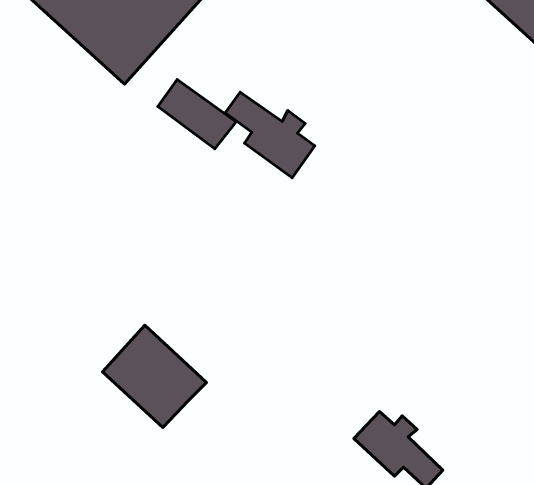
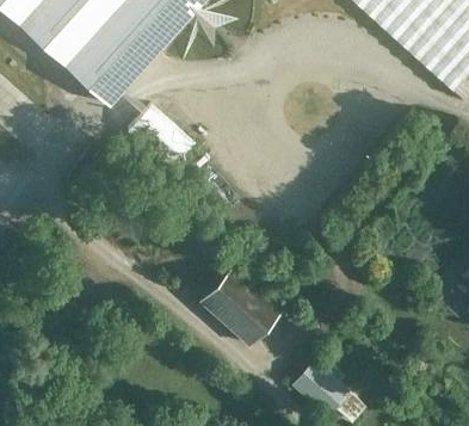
building: [225,92,315,178] -> none
building: [103,325,207,428] -> [198,264,280,345]

